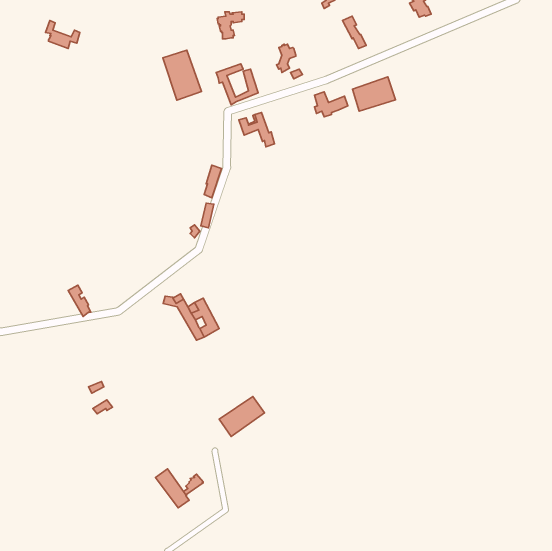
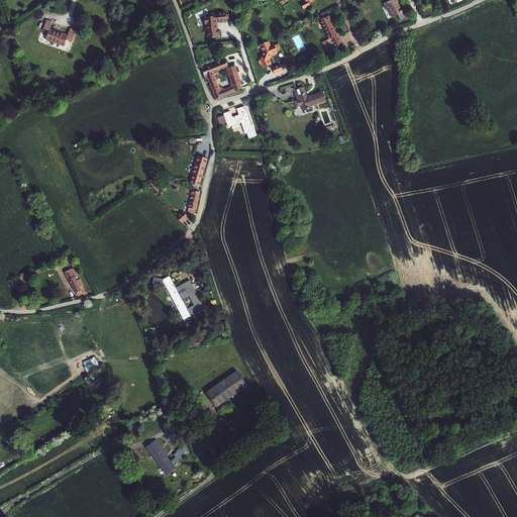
building: [163,50,201,100] -> none
building: [352,77,395,111] -> none

